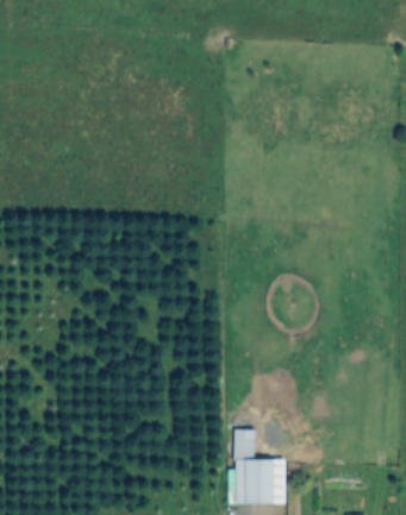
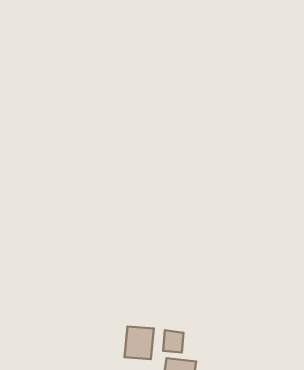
building: none -> [124,326,154,359]

